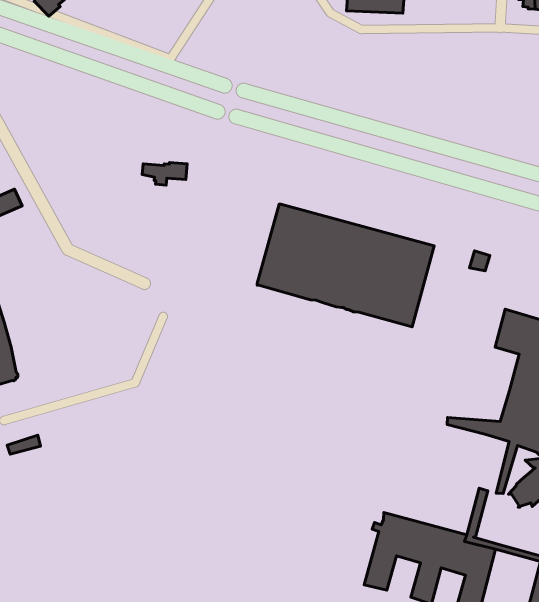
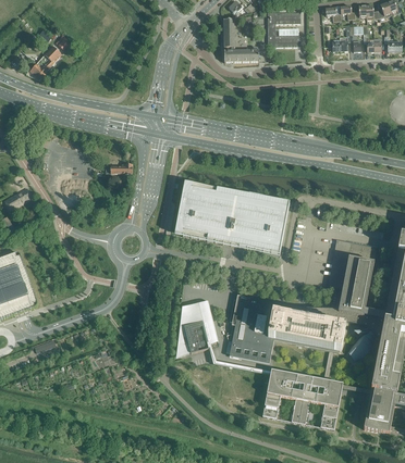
building: none -> [226,293,345,363]
building: none -> [177,299,218,355]

